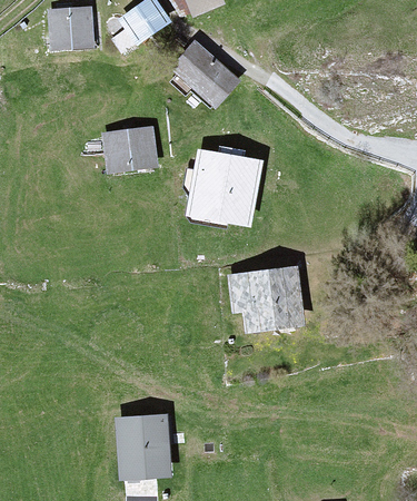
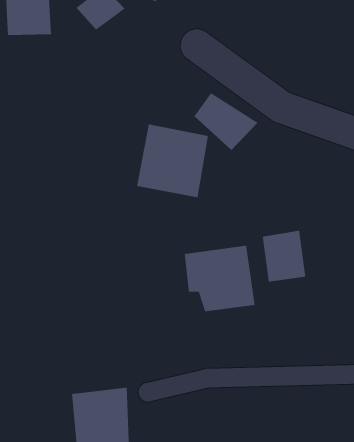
building: [177,47,244,107] -> [193,92,258,151]
building: [102,127,160,174] -> none
building: none -> [262,230,306,282]

